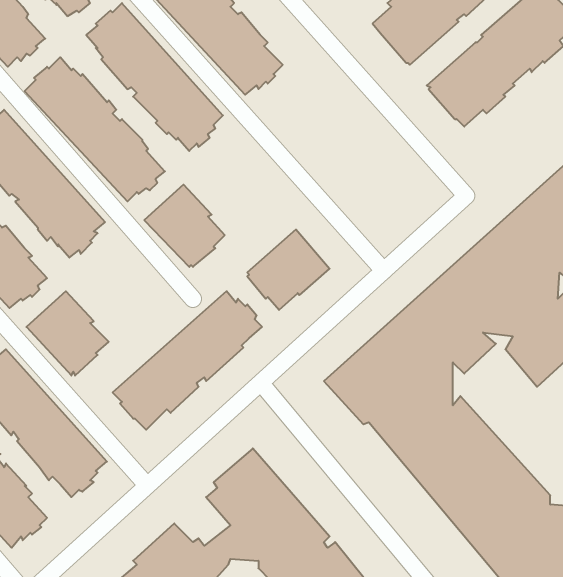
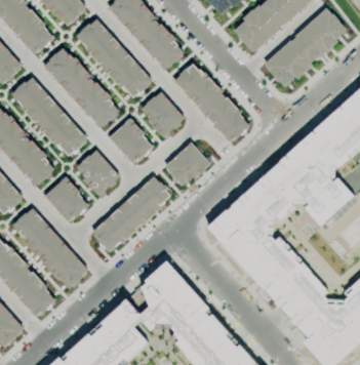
building: none -> [172,62,249,140]
building: none -> [139,90,185,136]
building: none -> [75,149,120,196]

